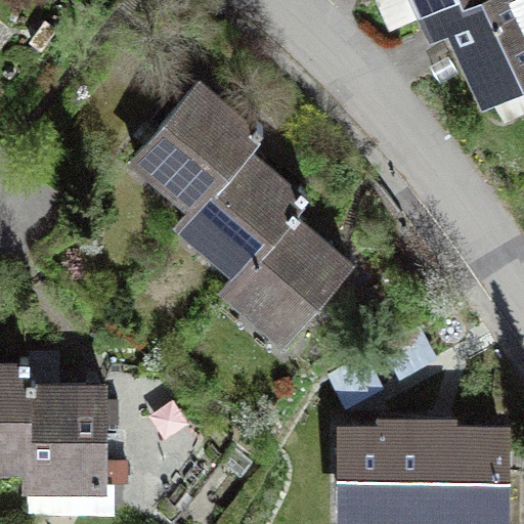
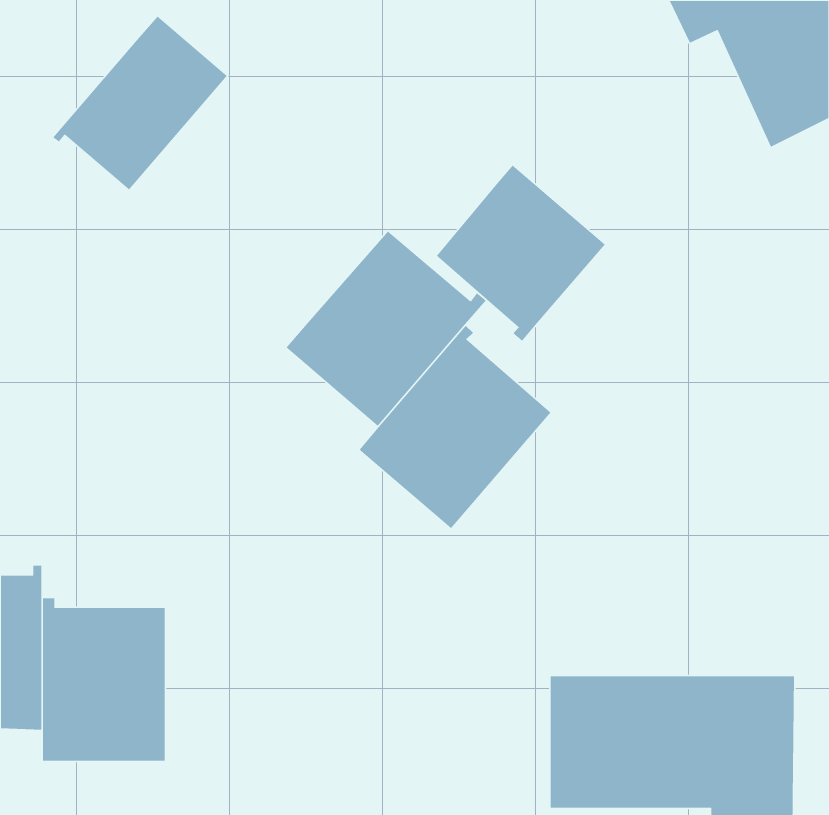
building: none -> [52,15,228,191]
building: [135,89,262,213] -> none
building: none -> [436,164,606,342]

